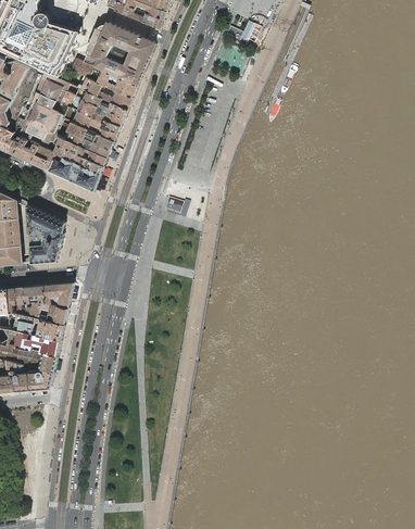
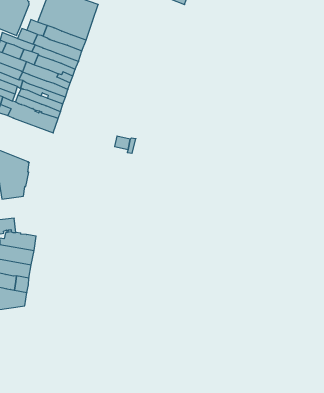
building: [42,282,72,307] -> none

